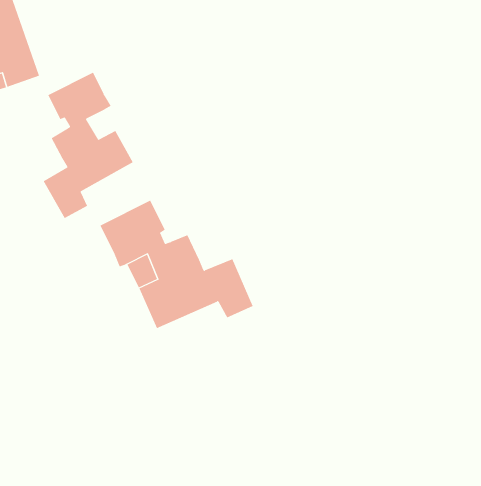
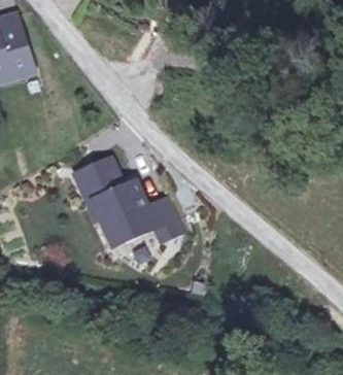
building: [43,72,134,219] -> none

